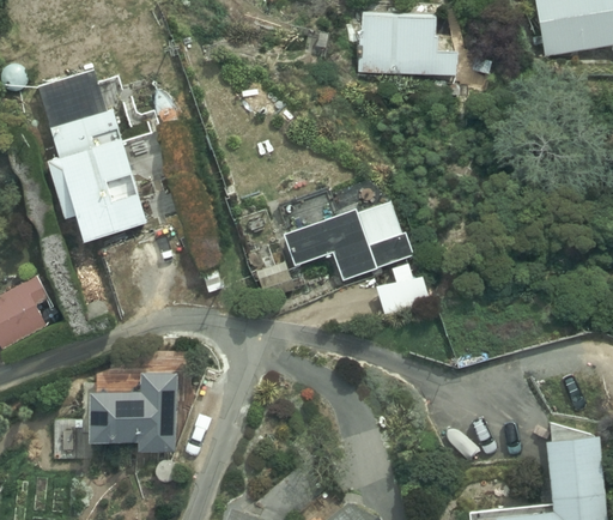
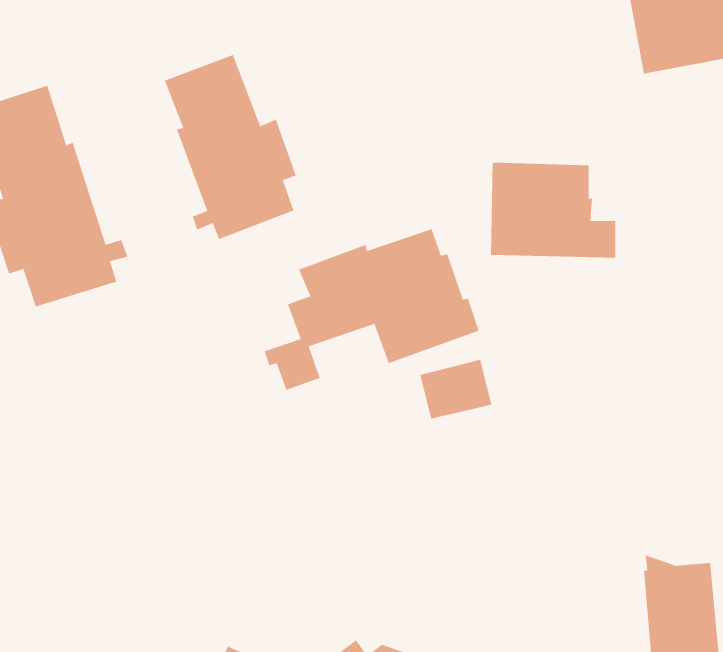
building: [362,12,457,85] -> [490,162,616,258]
building: none -> [164,54,297,240]
building: [79,363,177,451] -> none

